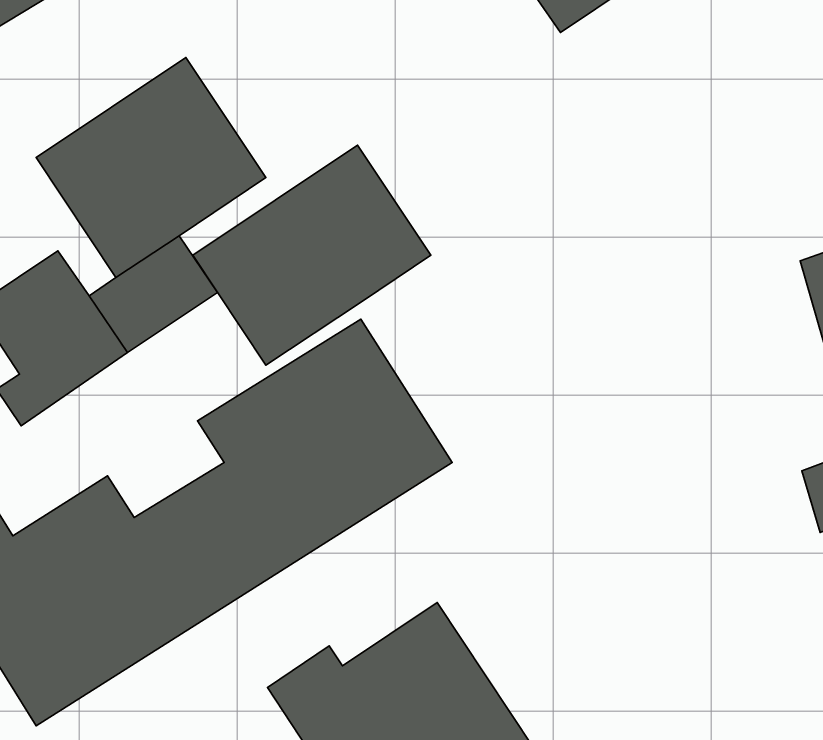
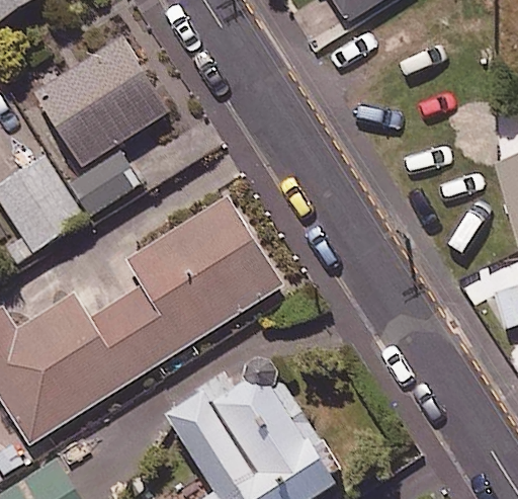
building: [193,145,431,365] -> none

